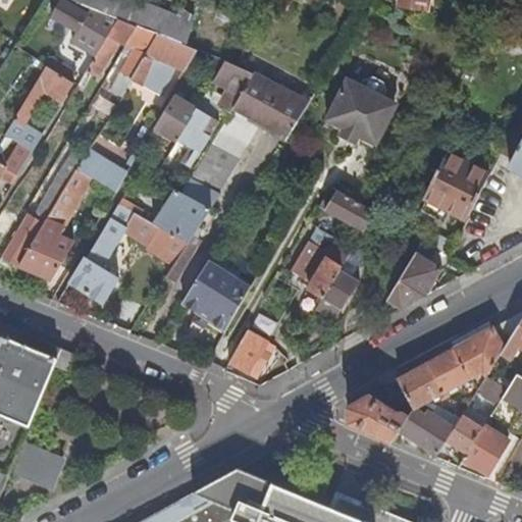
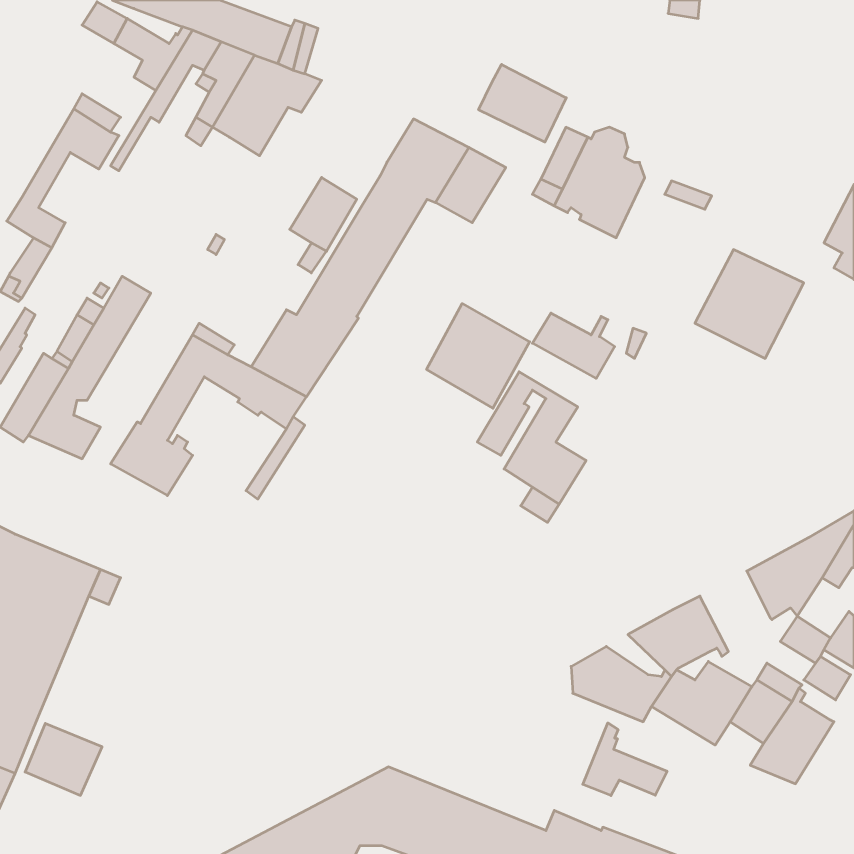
building: none -> [479,64,566,142]
building: [213,60,252,108] -> none
building: [155,97,196,141] -> none
building: [74,149,127,194] -> none
building: none -> [427,304,530,408]
building: [386,244,448,309] -> none
building: [181,261,250,329] -> none
building: [227,329,266,374] -> none
building: [426,349,469,398] -> none
building: none -> [583,723,667,796]

